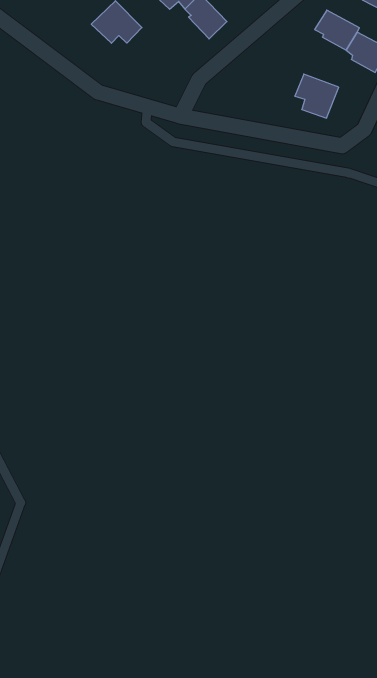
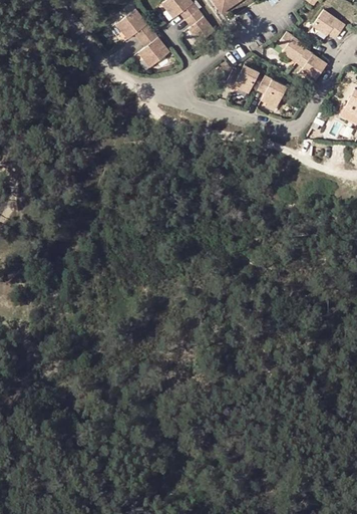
building: none -> [137,30,168,66]
building: none -> [224,65,264,93]

